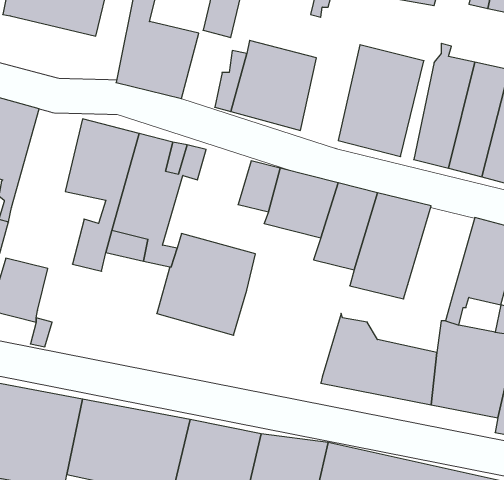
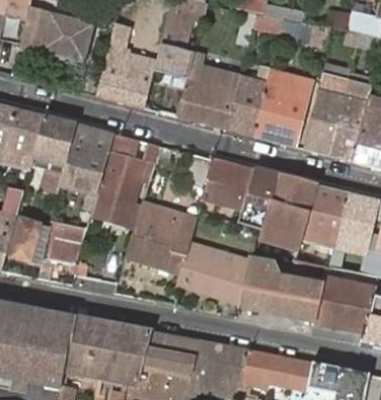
building: none -> [228,69,270,137]
building: none -> [26,114,76,191]
building: none -> [303,182,350,244]
building: none -> [45,219,89,263]
building: none -> [177,241,256,302]

